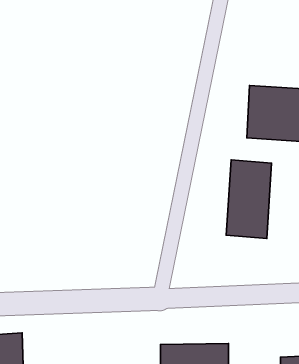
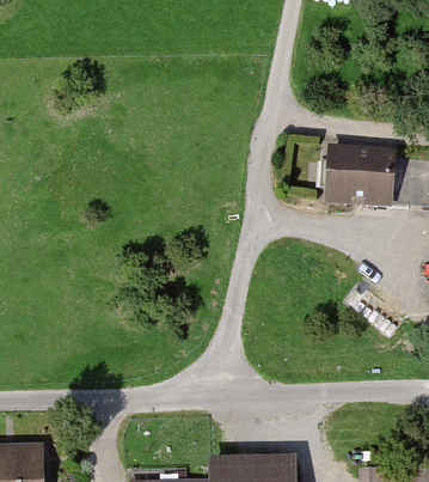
building: [226,160,272,239] -> none

